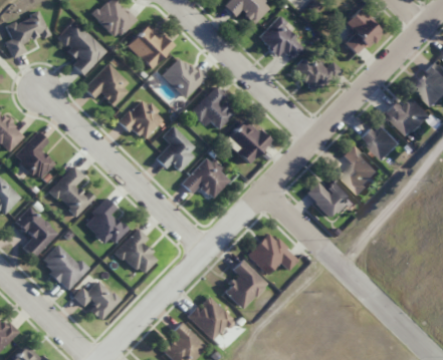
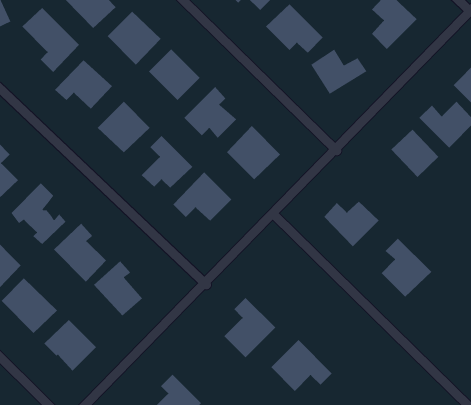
building: [340,145,382,195] -> [381,238,432,297]
building: [247,233,298,276] -> [270,339,333,392]
building: [188,297,233,341] -> none

